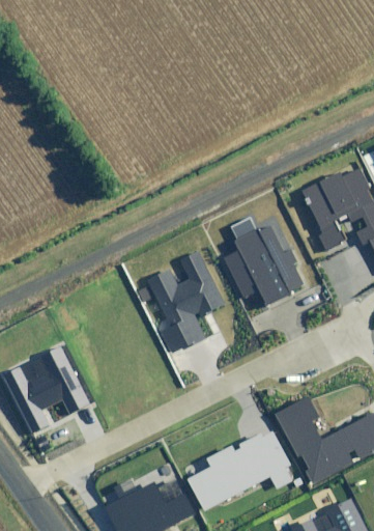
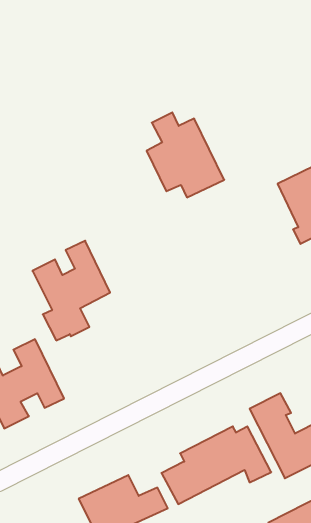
building: [225,219,303,304] -> [147,112,224,197]
building: [147,251,225,351] -> [32,241,110,340]

